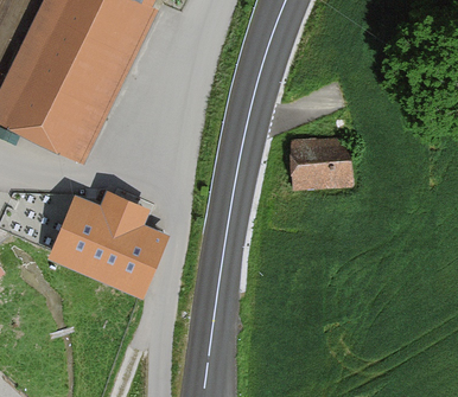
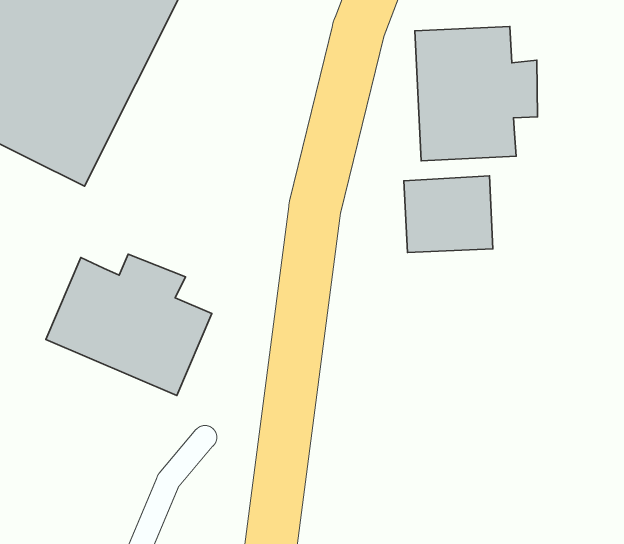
building: none -> [415,26,538,161]

